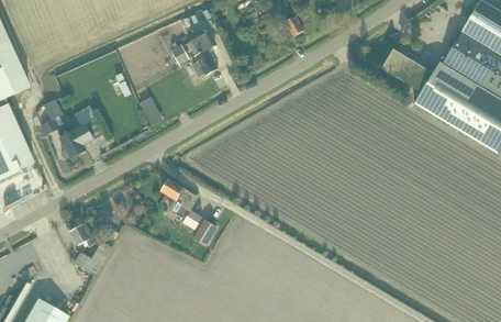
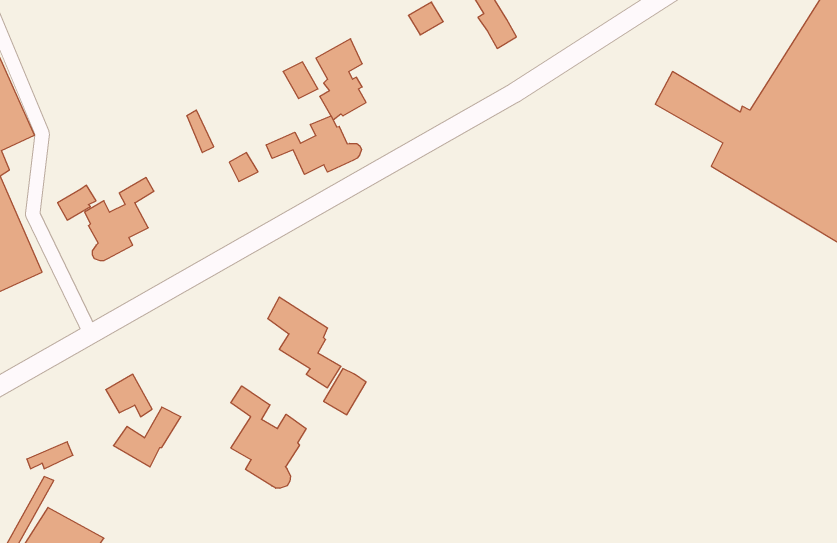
building: none -> [266,116,362,174]
building: none -> [231,386,306,488]

